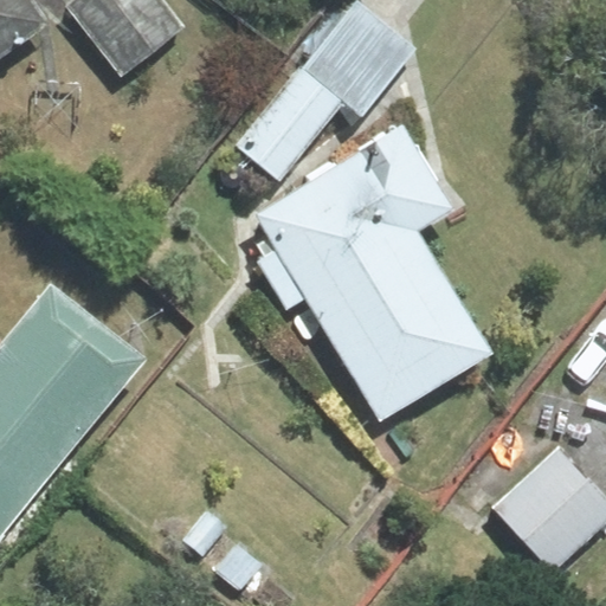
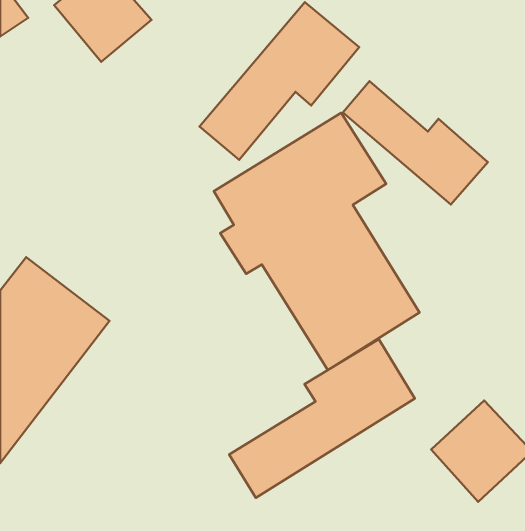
building: none -> [343,81,488,205]
building: none -> [229,339,415,498]

